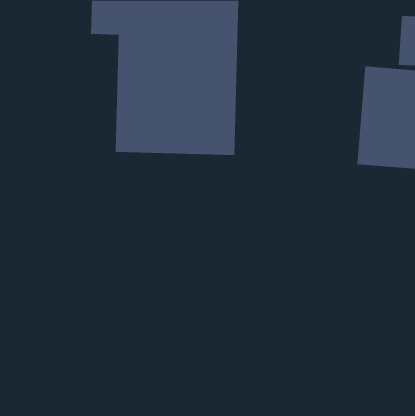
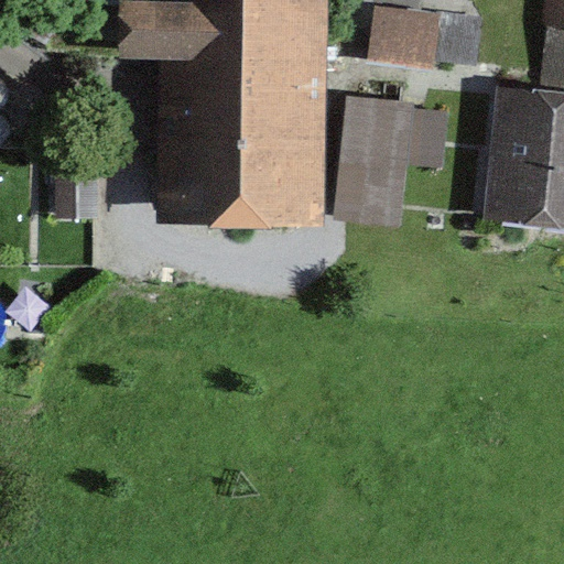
building: none -> [370,6,479,69]
building: none -> [338,89,416,219]

